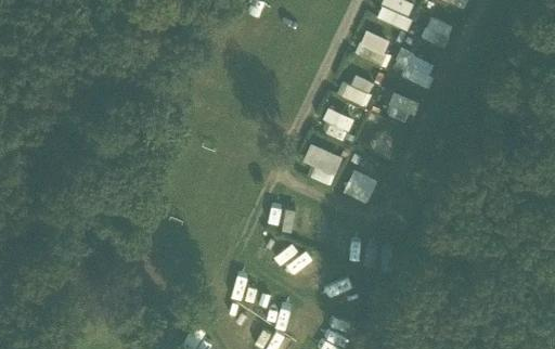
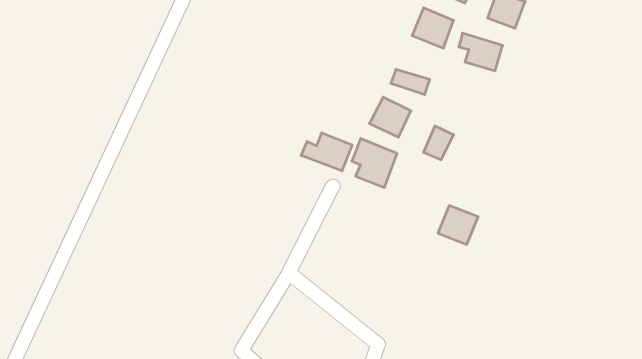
building: [383,90,418,125] -> none
building: none -> [301,133,352,171]
building: [343,169,377,203] -> [438,206,478,244]

